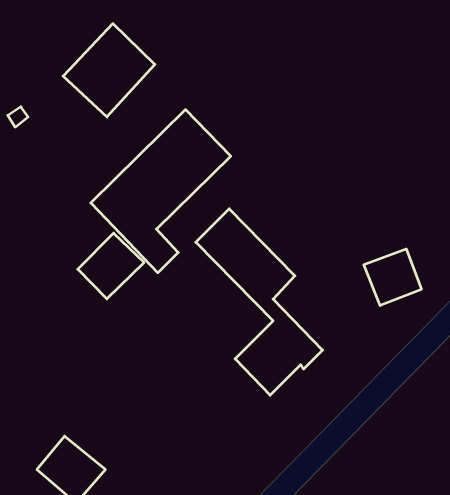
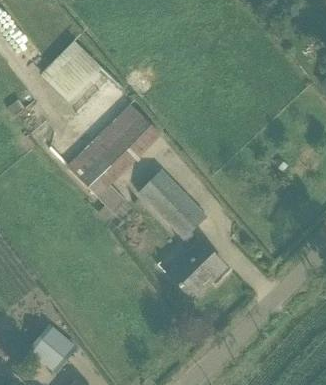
building: [78,233,144,299] -> none
building: [364,249,421,306] -> none

